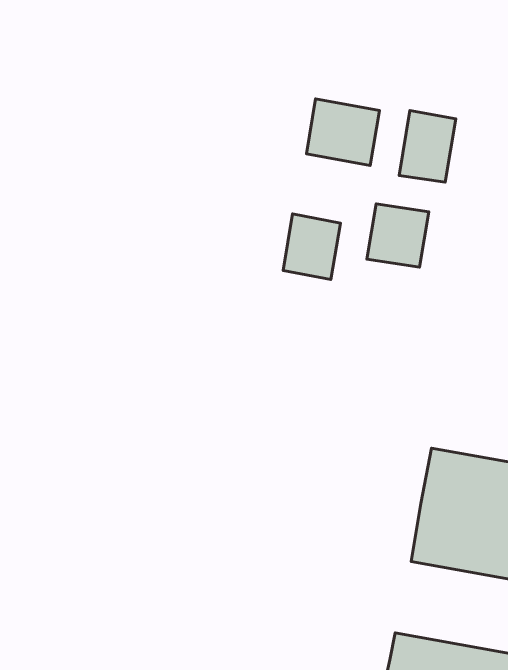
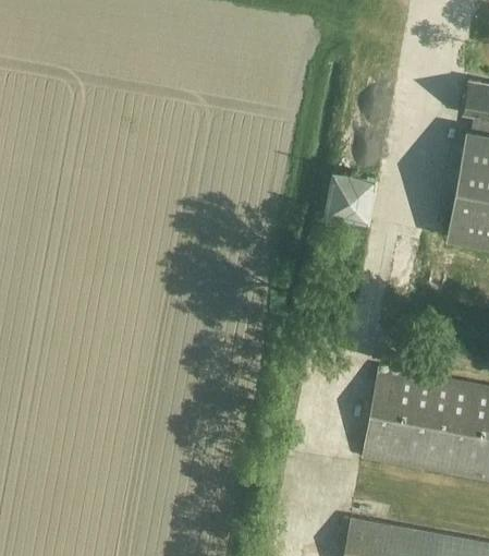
building: [306,99,379,165] -> none
building: [283,214,341,279] -> none

